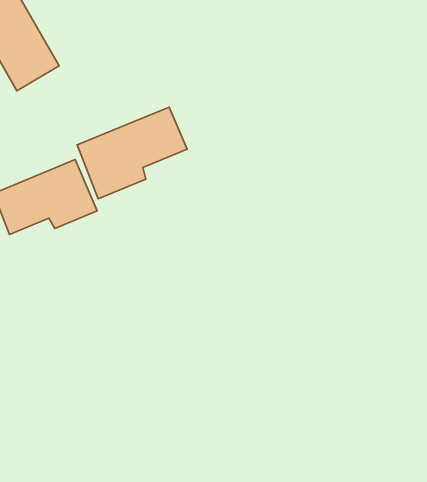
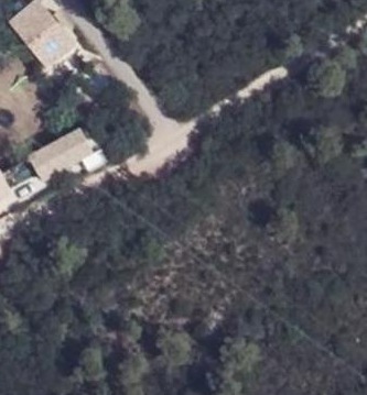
building: [77,107,187,199] -> none

